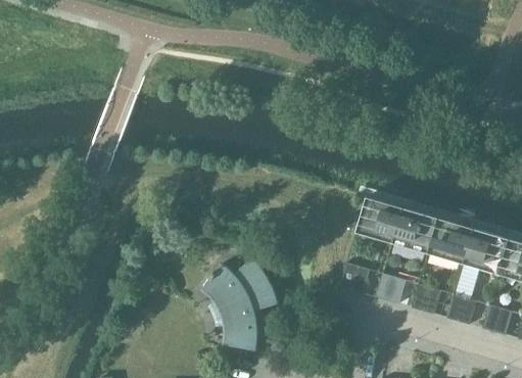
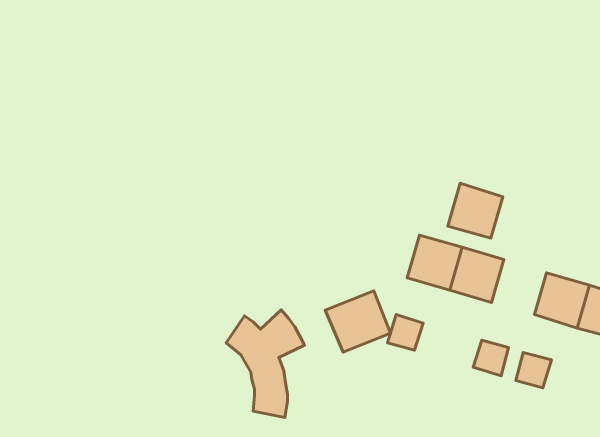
building: [428,218,474,264] -> [448,183,503,238]
building: none -> [325,291,391,352]
building: [378,274,408,304] -> none
building: [483,305,514,335] -> none

